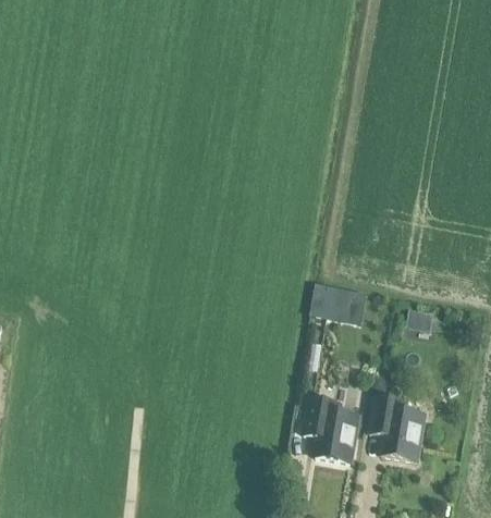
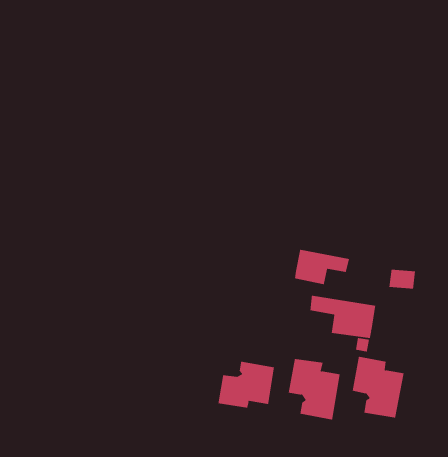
building: none -> [310,295,376,339]
building: none -> [218,361,275,408]

